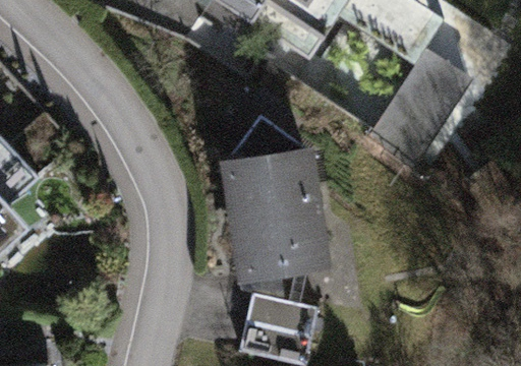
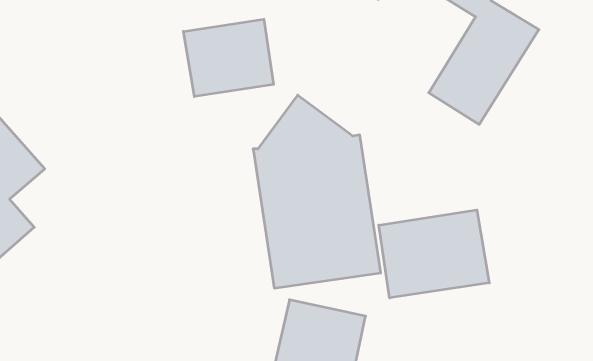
building: none -> [183,19,274,97]
building: none -> [379,210,489,298]

